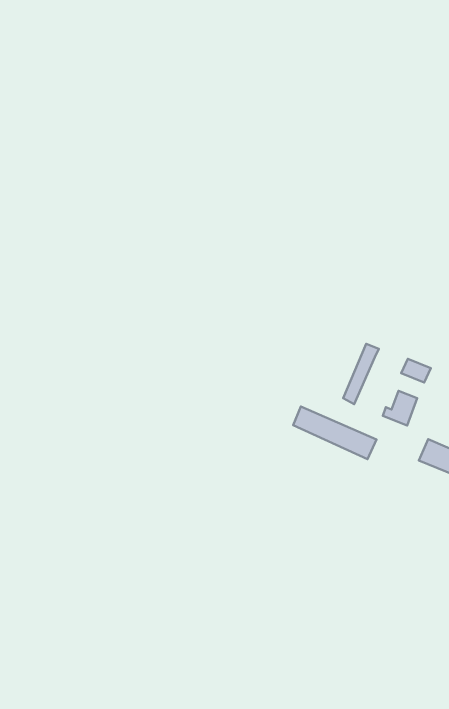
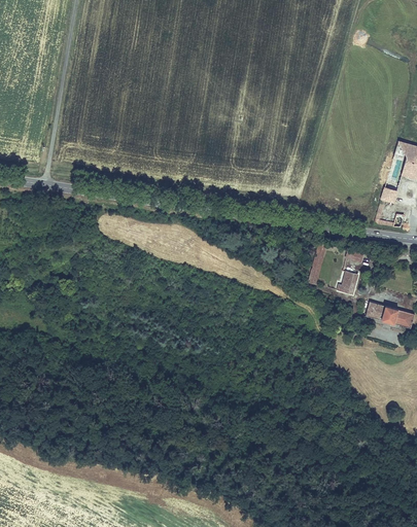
building: [293,406,376,459] -> none

